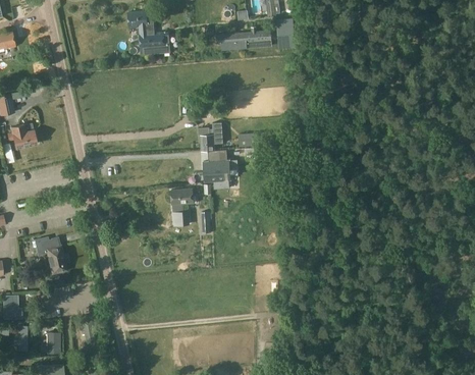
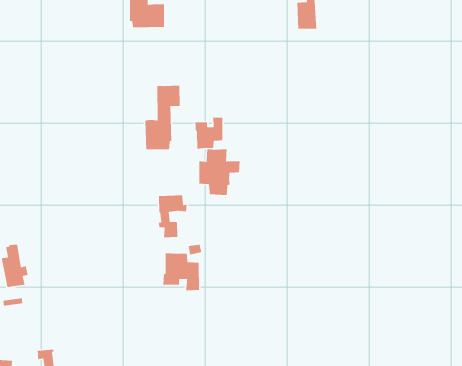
building: [215,31,270,48] -> none
building: none -> [145,85,180,150]
building: none -> [162,253,200,291]

